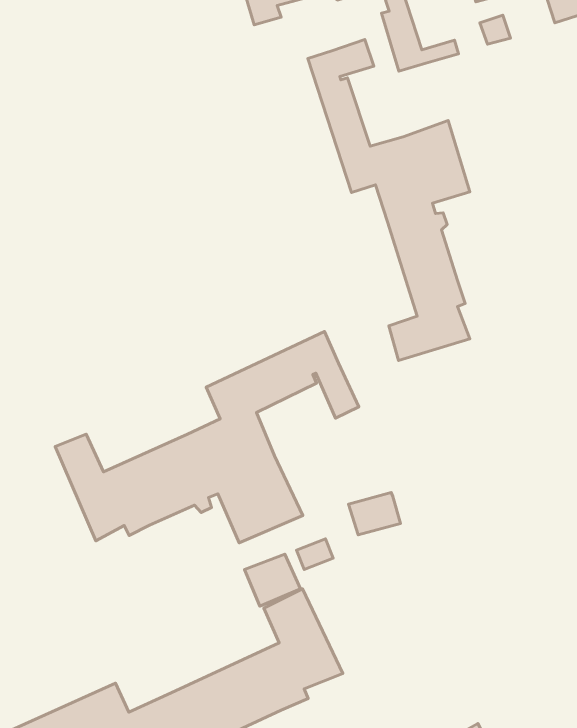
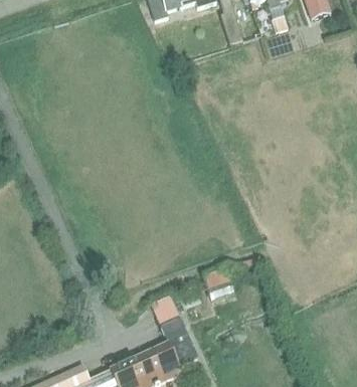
building: [308,40,470,360] -> none
building: [55,331,359,543] -> none

